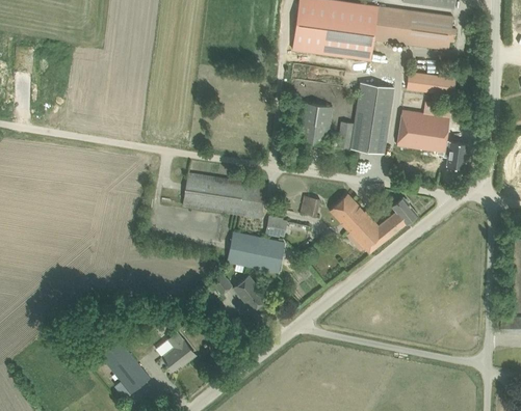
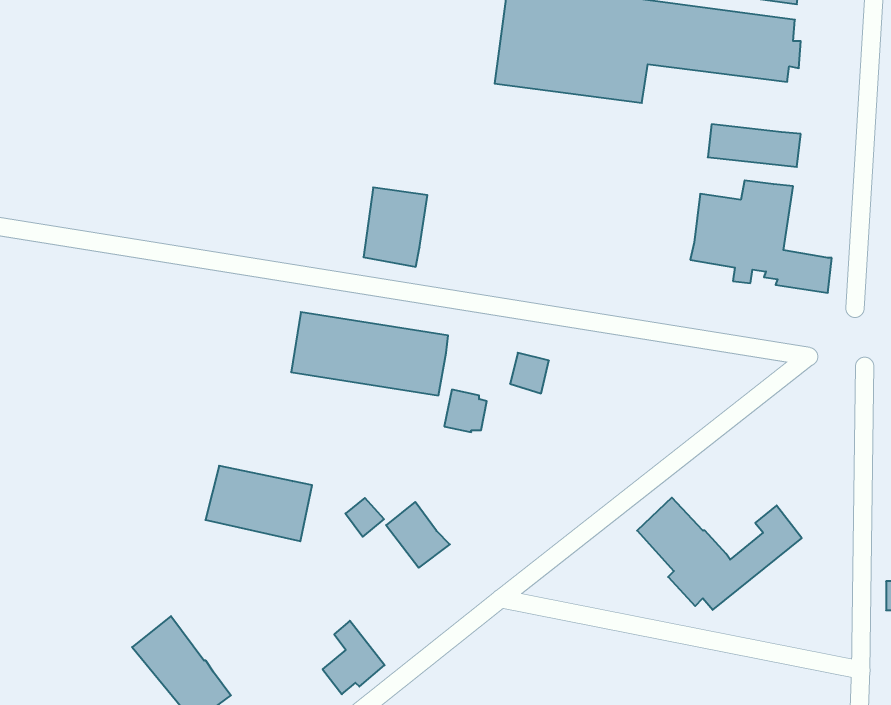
building: [337,82,394,154] -> none
building: [297,103,332,145] -> [363,187,427,267]
building: [329,193,417,253] -> [637,498,802,610]
building: [227,232,284,273] -> [205,466,312,541]
building: [161,331,194,371] -> [323,621,385,694]

